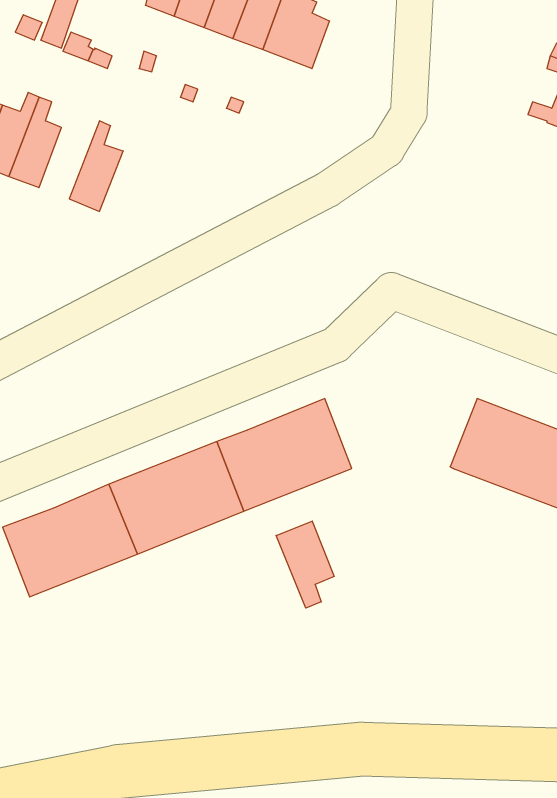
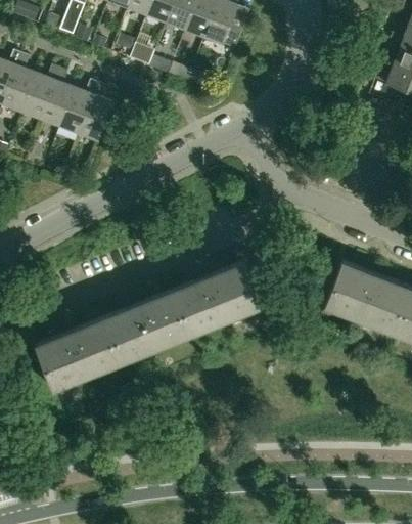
building: none -> [60,80,99,133]
building: [276,521,334,608] -> none

